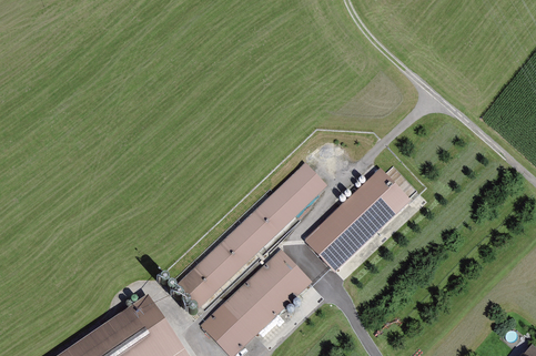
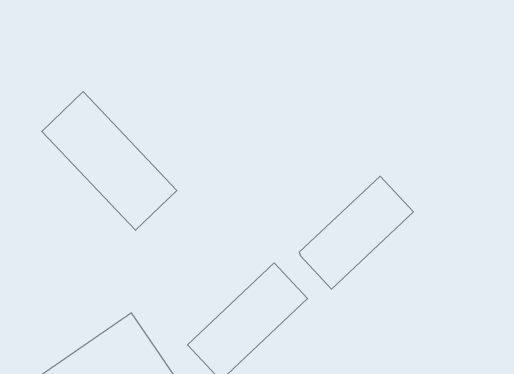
building: none -> [42,92,177,230]
building: [176,162,328,308] -> none

